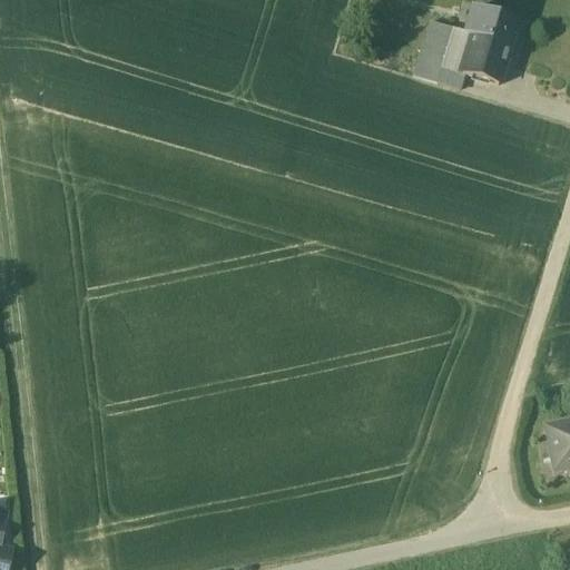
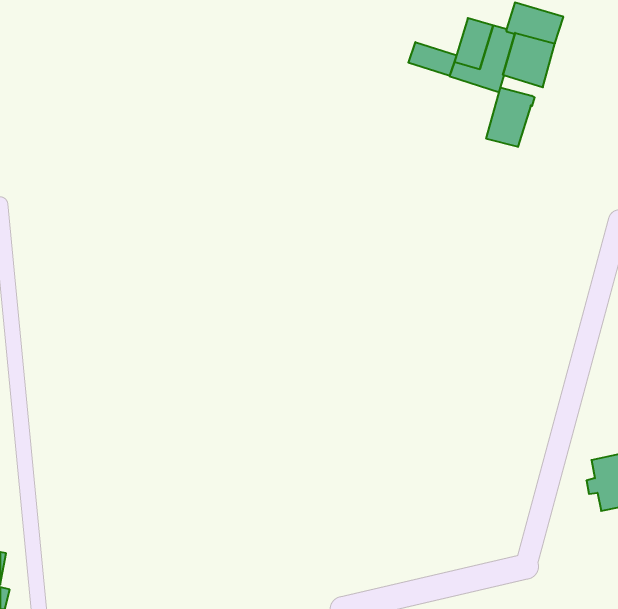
building: none -> [408,42,456,76]
building: none -> [486,88,535,147]

